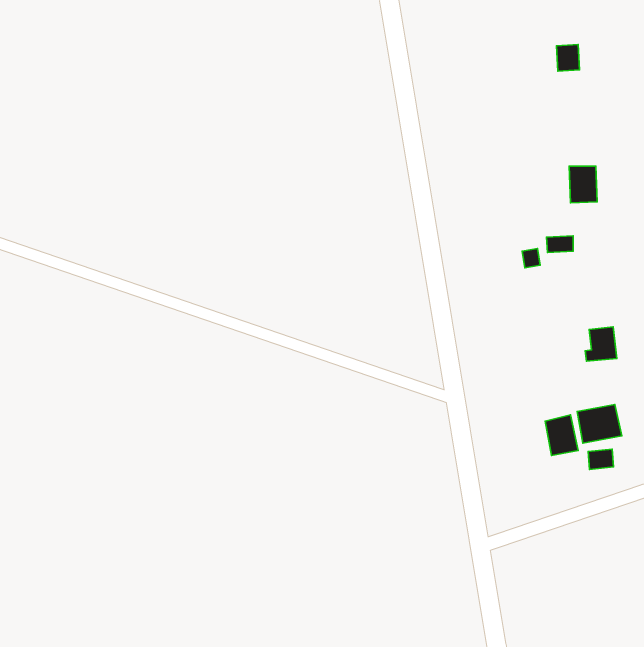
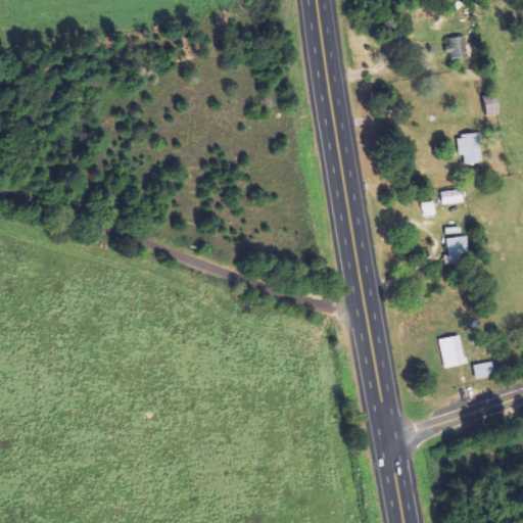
building: [585,327,617,361] -> [443,236,469,264]
building: [577,404,622,443] -> none

